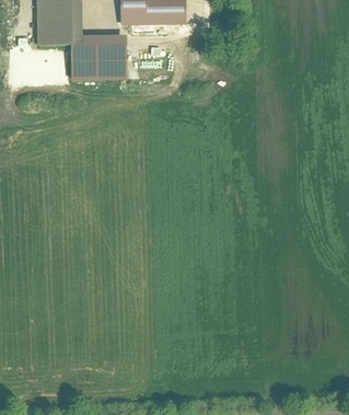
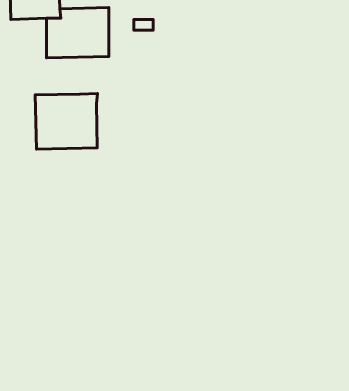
building: none -> [35,94,98,149]

